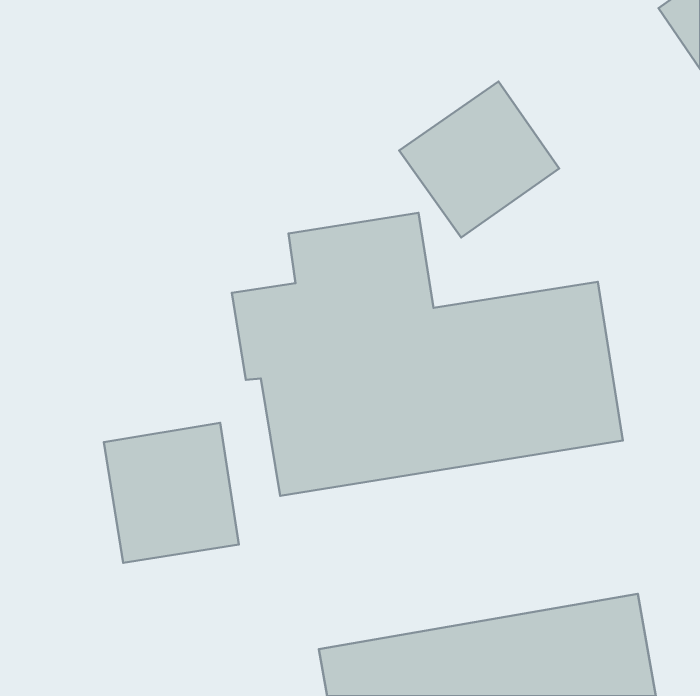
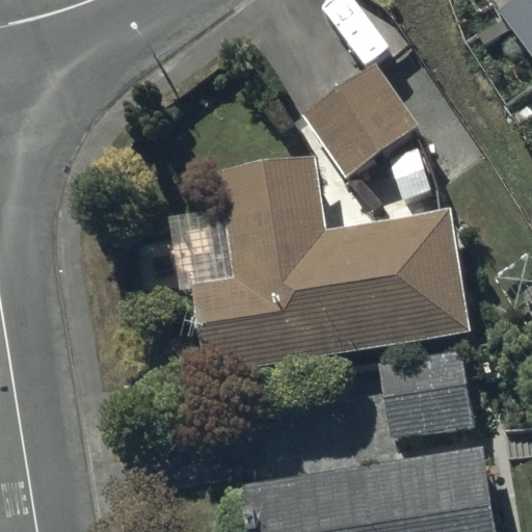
building: [104,423,239,563] -> none
building: none -> [382,351,473,437]

